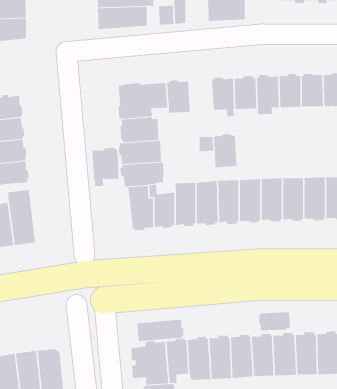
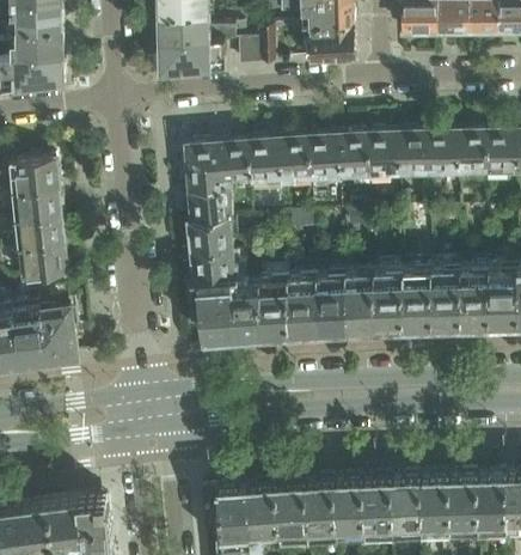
building: [213,134,237,168] -> [278,136,311,182]
building: [92,147,119,187] -> none
building: [258,311,291,331] -> none
building: [137,319,184,342] -> none

